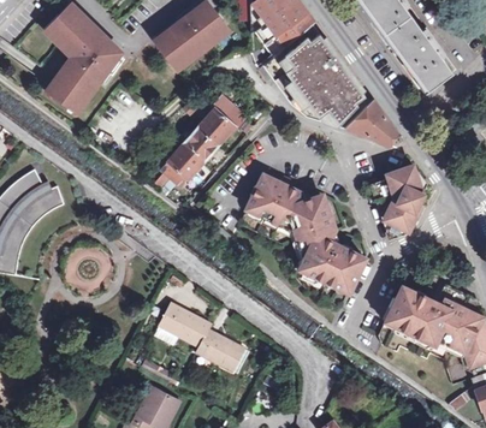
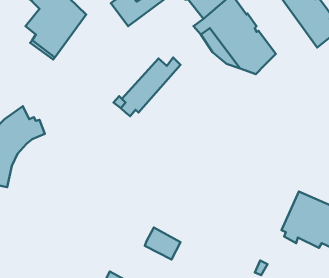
building: [344,100,399,147] -> none
building: [373,167,423,234] -> none
building: [239,173,366,307] -> none
building: [161,304,213,347] -> none

